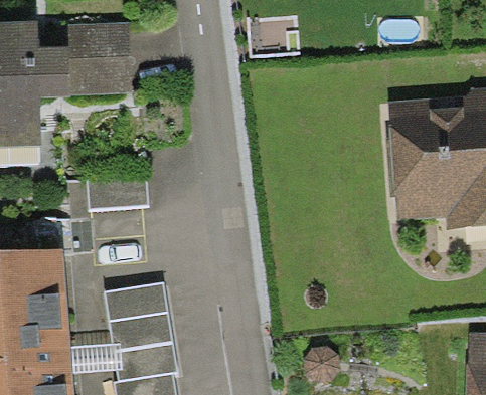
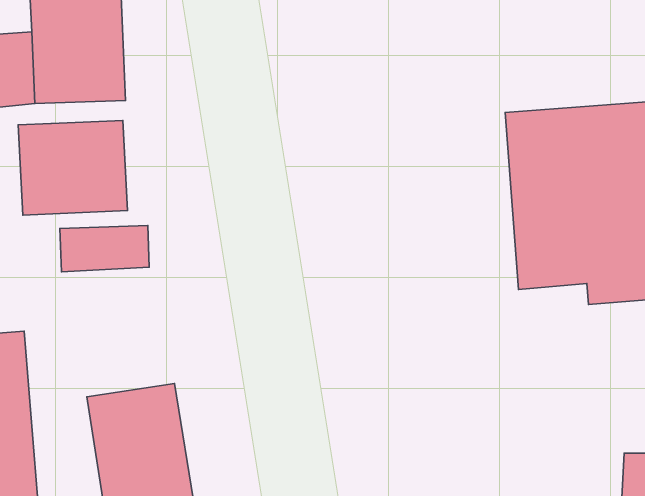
building: none -> [18,120,128,215]

